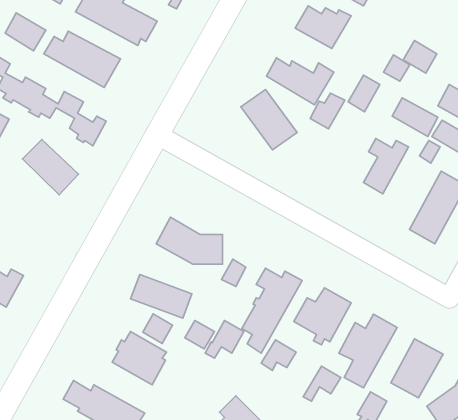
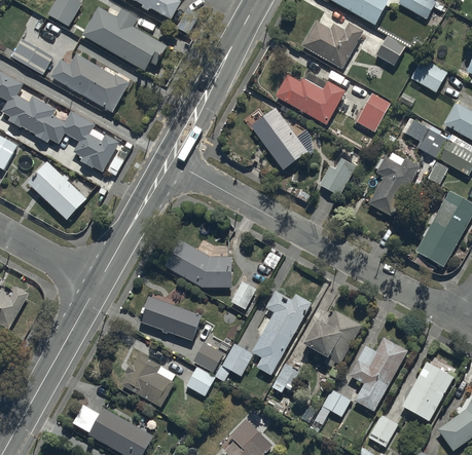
building: [383,55,410,81] -> [377,40,404,67]
building: [310,93,345,129] -> [321,159,356,195]
building: [143,314,172,344] -> [185,366,215,395]

